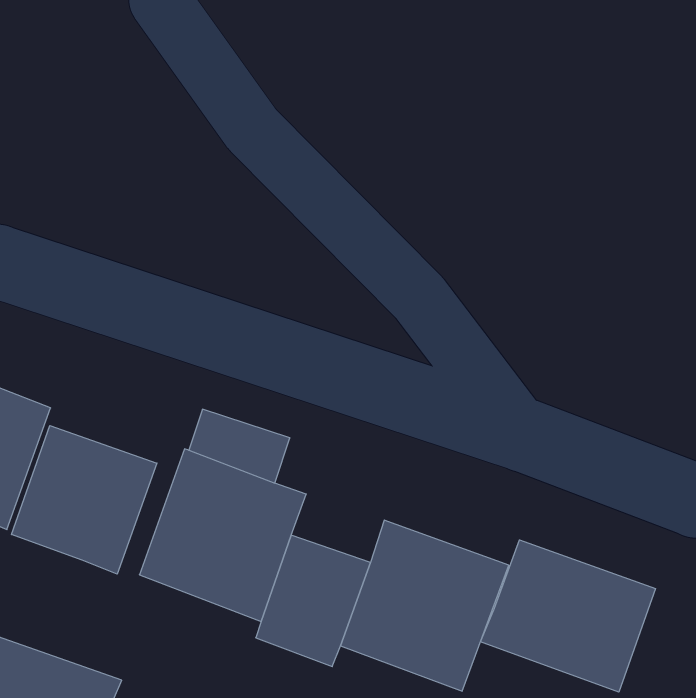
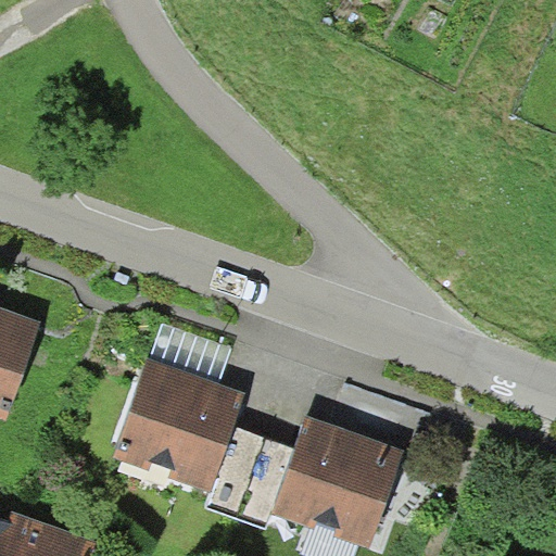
building: [12,426,157,574] -> none
building: [480,540,655,692] -> none

